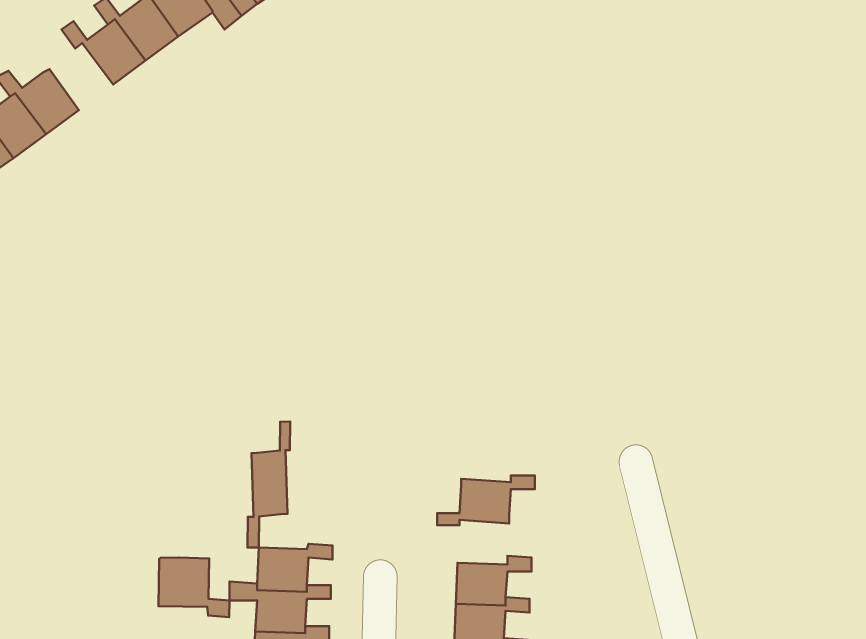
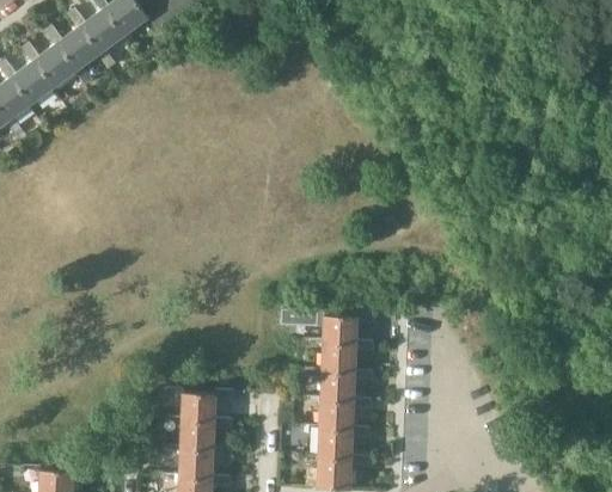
building: none -> [22,41,80,87]
building: [247,422,290,548] -> none
building: none -> [307,312,375,349]
building: none -> [320,369,373,404]
building: [158,557,230,617] -> none

